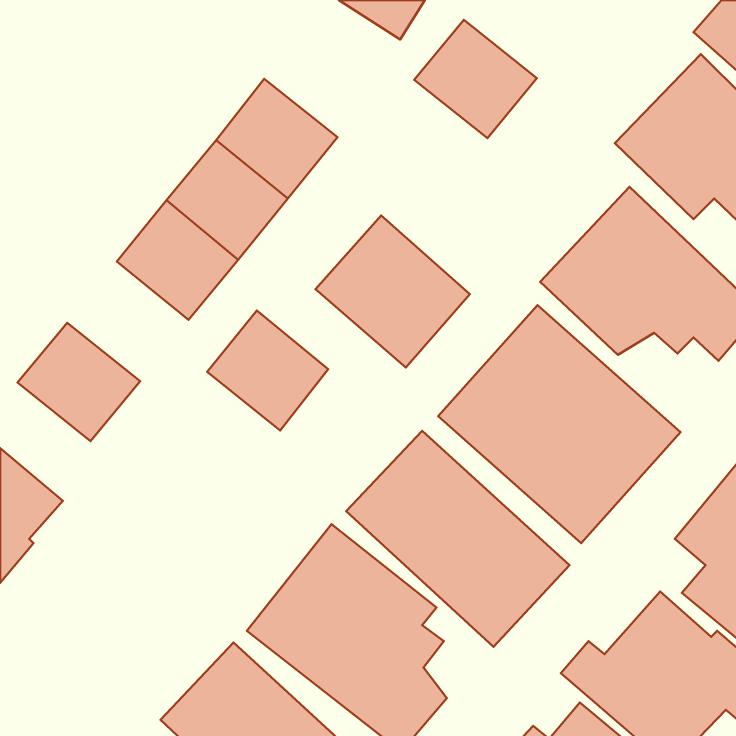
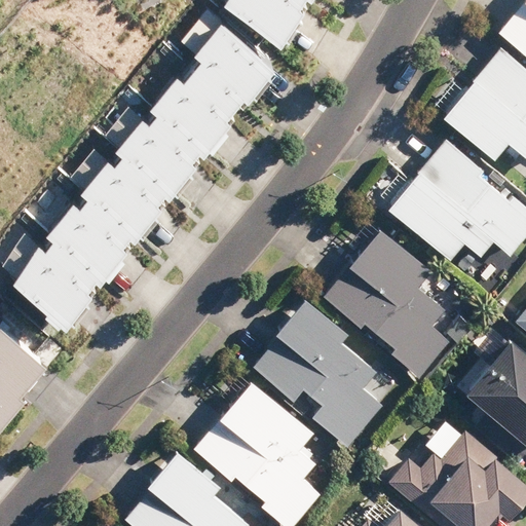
building: [414,20,537,138] -> [193,21,279,104]
building: [315,216,470,368] -> none
building: [207,311,328,430] -> [54,191,140,275]

